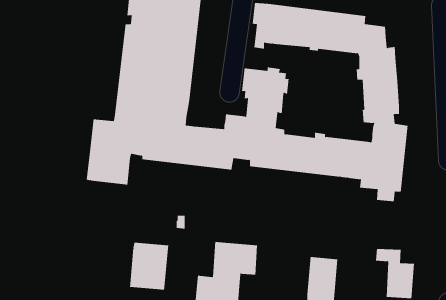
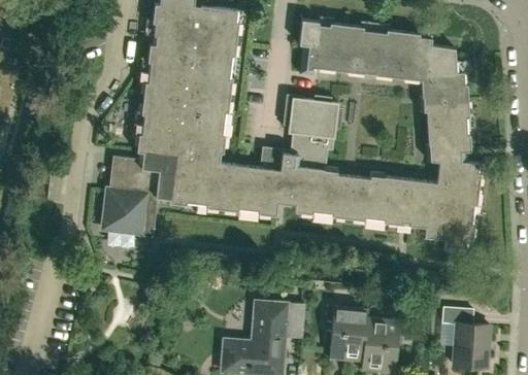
building: [130,242,169,290] -> none
building: none -> [328,305,367,362]

